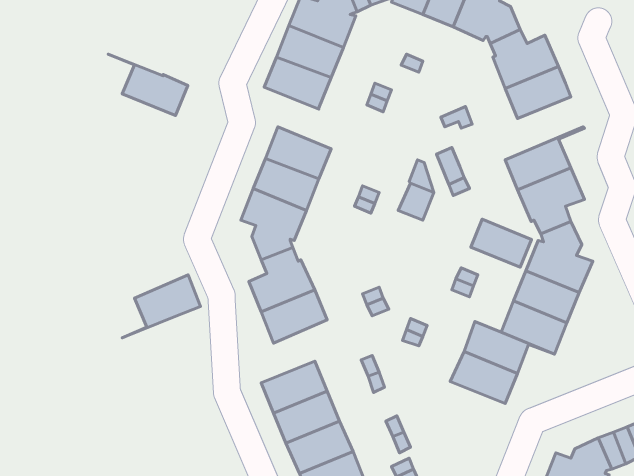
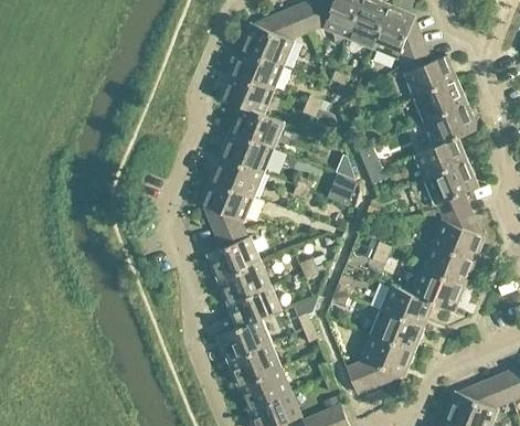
building: [108,54,188,116] -> [221,97,285,147]
building: none -> [425,105,478,147]
building: [471,219,531,267] -> none
building: [122,275,200,338] -> [219,285,282,336]
building: none -> [347,334,415,393]

